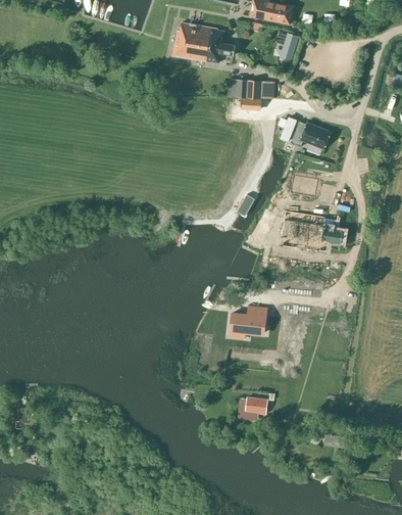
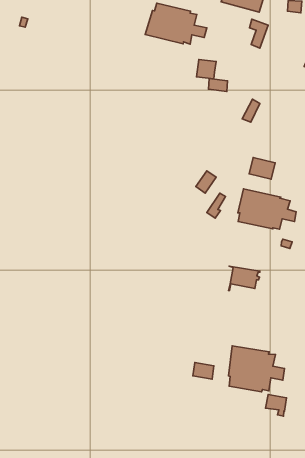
building: [247,80,272,99] -> none
building: [291,122,331,149] -> none
building: [230,312,262,337] -> [229,266,260,291]
building: none -> [229,346,285,392]

